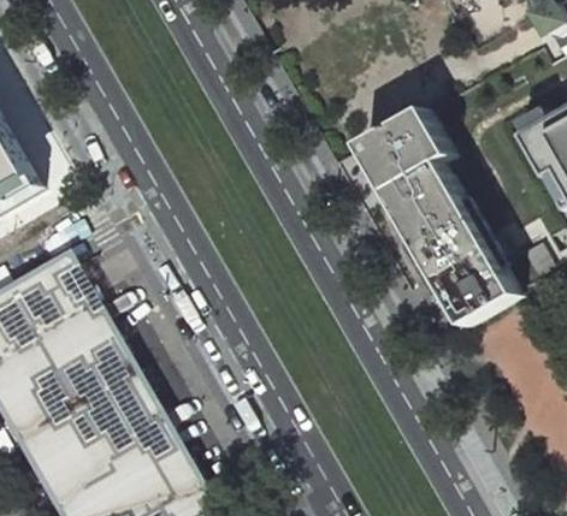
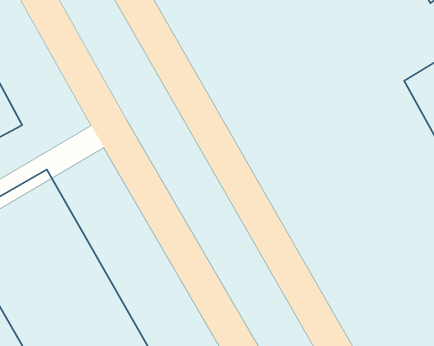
building: [360,113,518,328] -> none

